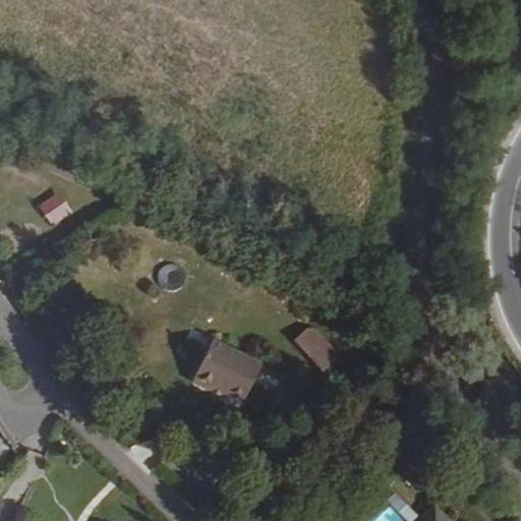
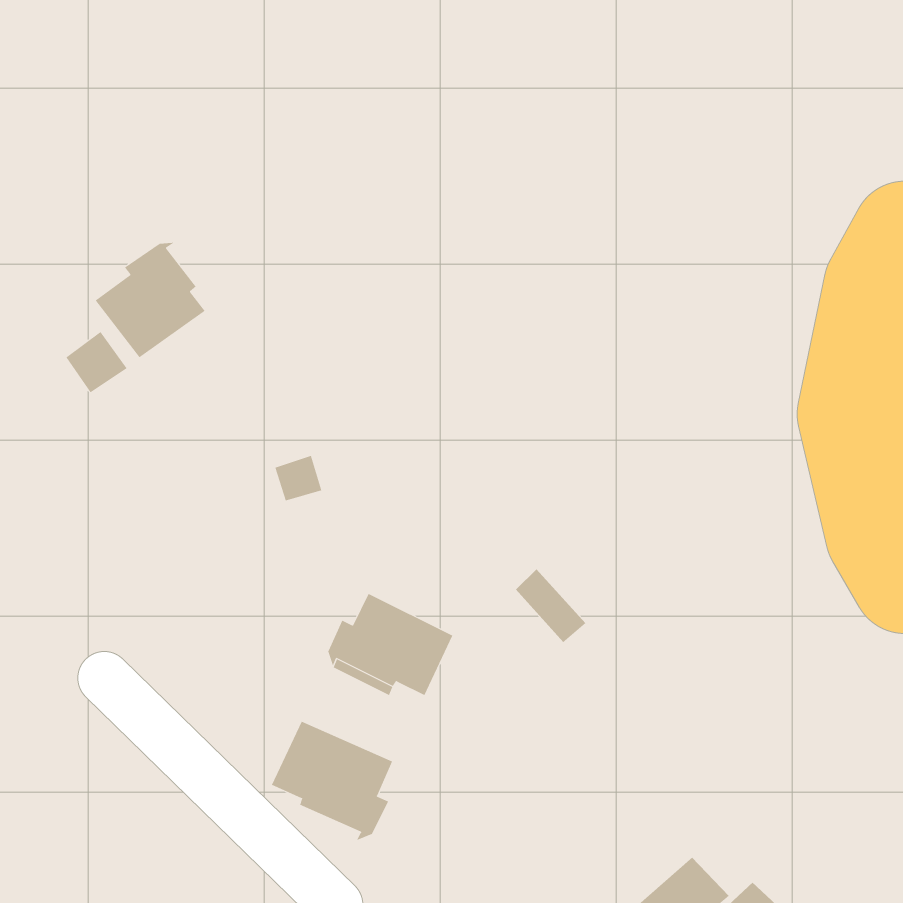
building: none -> [95,242,205,358]
building: none -> [271,721,393,841]

